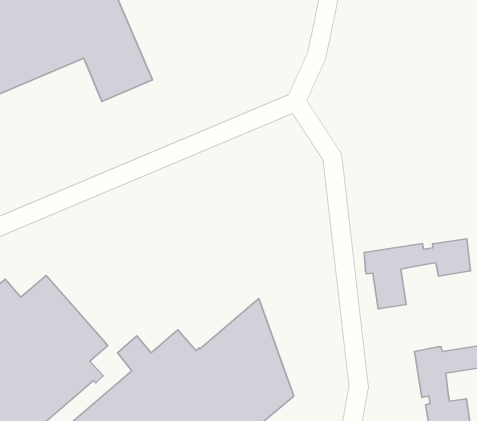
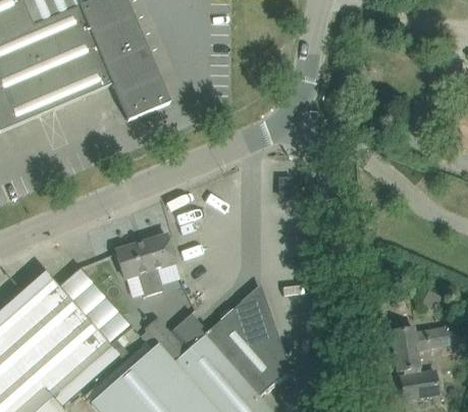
building: none -> [115,235,175,295]
building: [364,239,471,309] -> none

